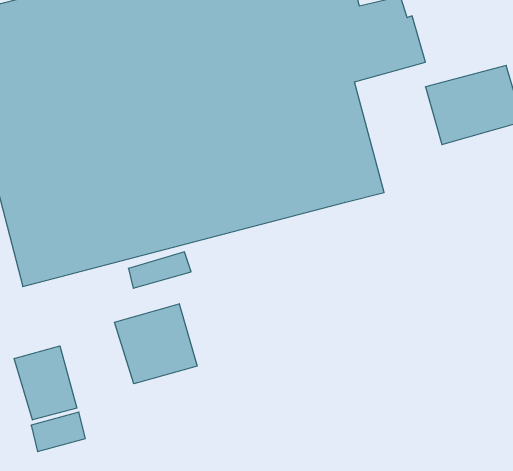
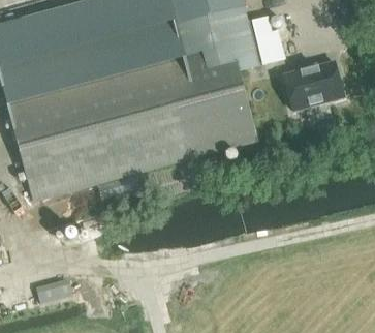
building: [114,304,197,384] -> none
building: [14,346,77,420] -> none

